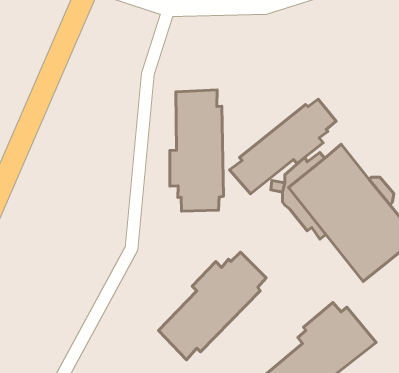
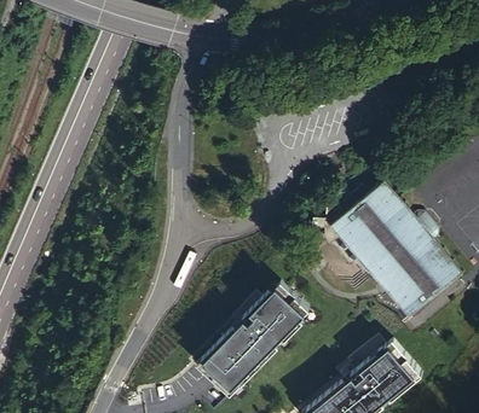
building: [170,90,223,211] -> none
building: [230,99,336,194] -> none

